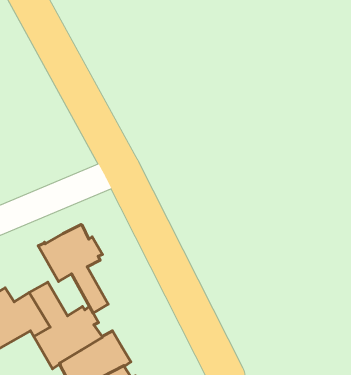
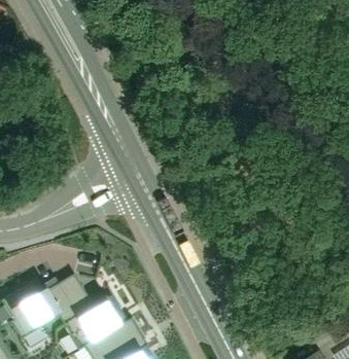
building: [38,224,108,313] -> none

